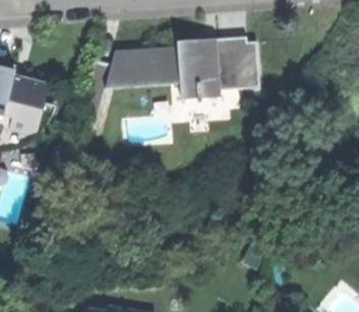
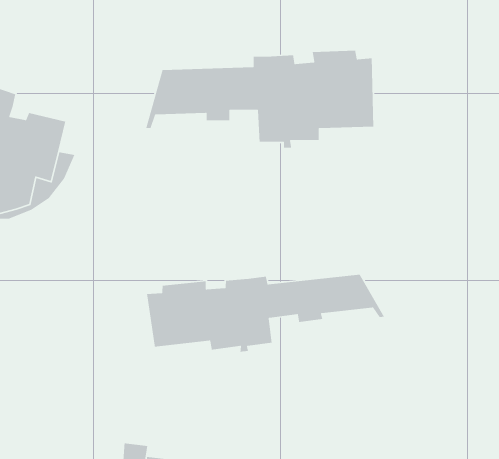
building: none -> [146,274,385,353]

